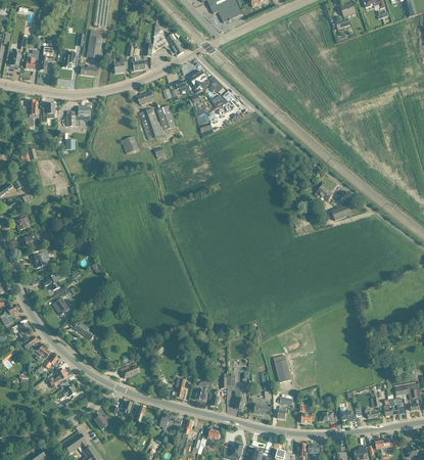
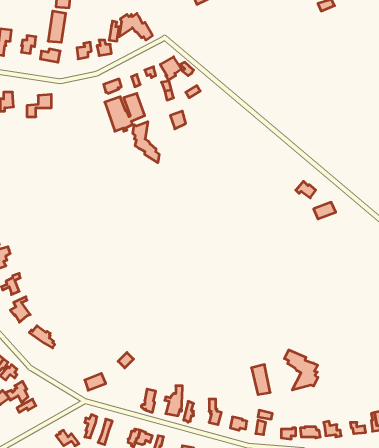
building: none -> [133,122,159,163]
building: none -> [284,350,318,390]

